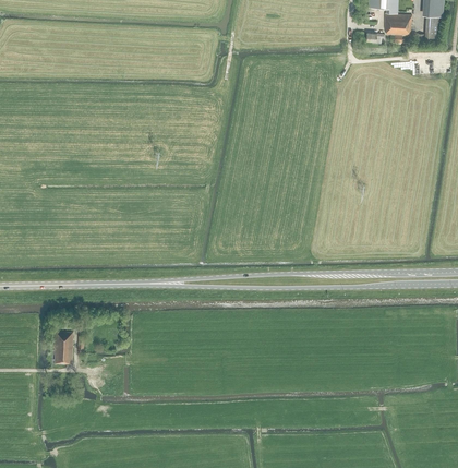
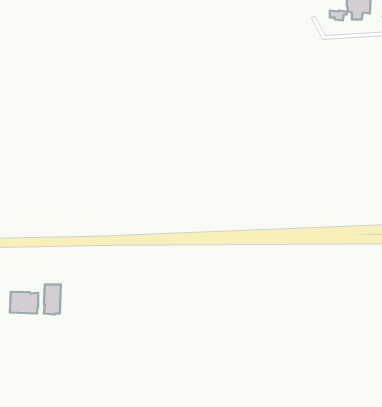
building: none -> [10,292,38,314]

